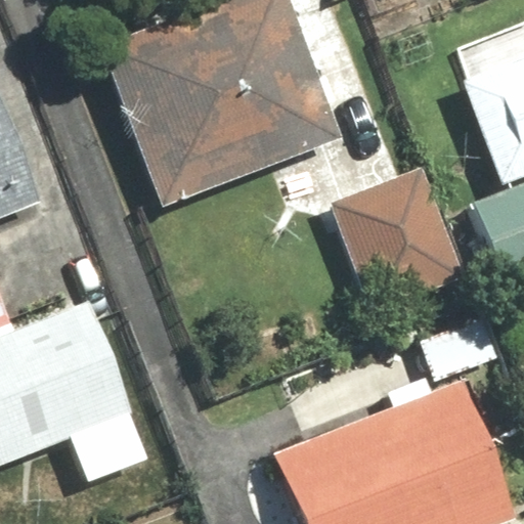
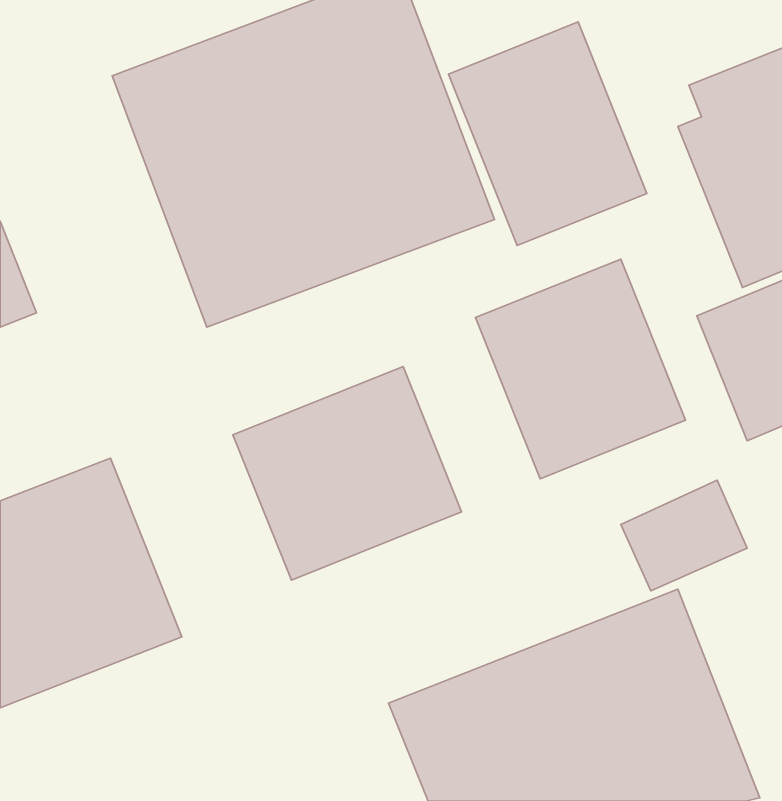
building: none -> [448,22,647,246]
building: none -> [233,367,461,580]

